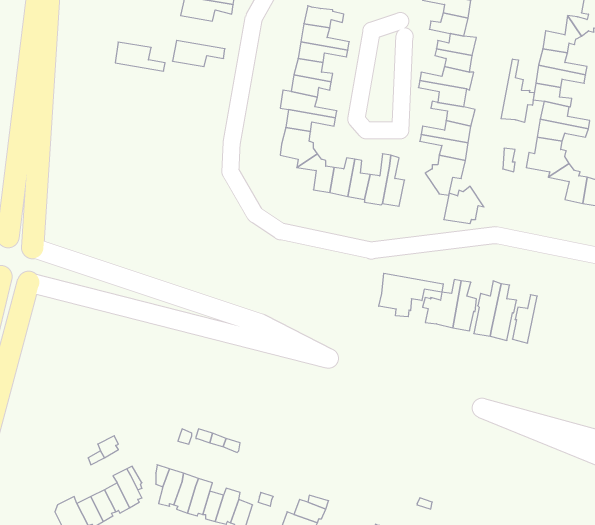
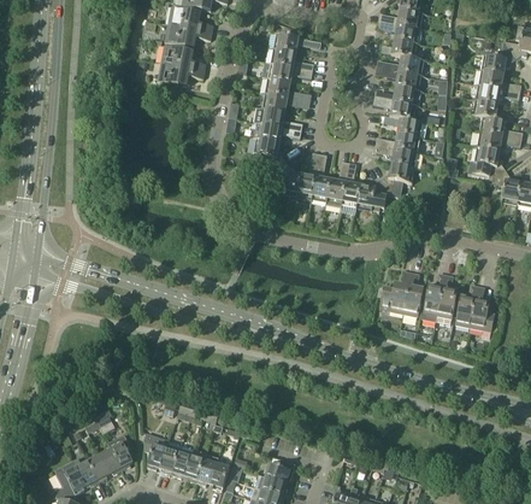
building: [115,42,165,71] -> [163,45,206,70]
building: [501,59,534,122] -> none
building: [444,186,484,224] -> [356,178,391,211]
building: [379,273,443,317] -> none
building: none -> [468,286,494,330]

